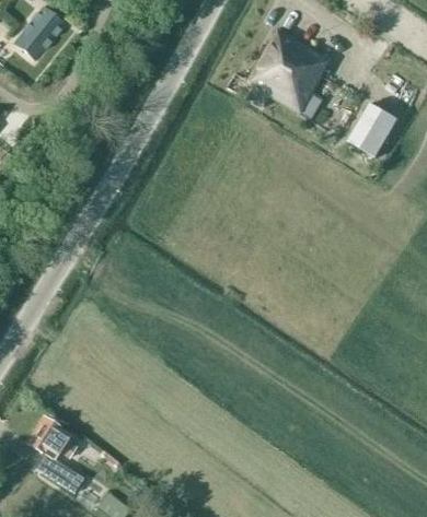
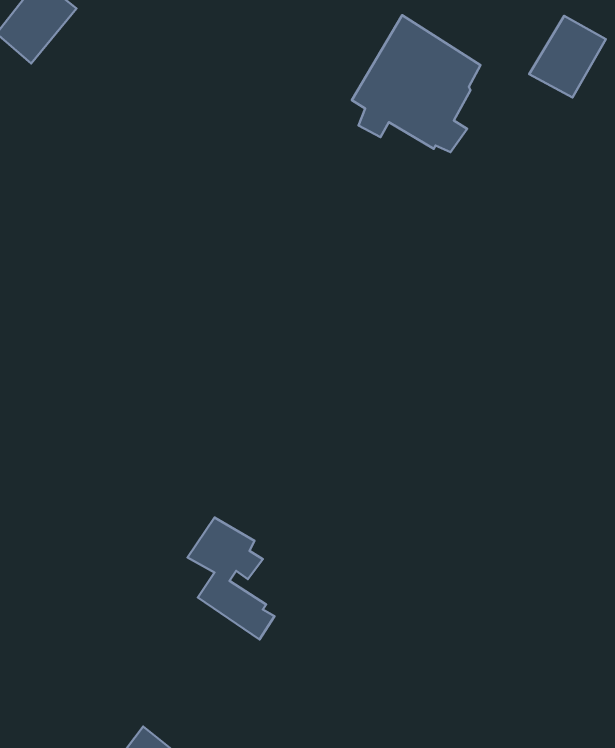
building: [347,104,397,157] -> [529,16,606,98]
building: [26,414,83,494] -> [188,517,275,639]

